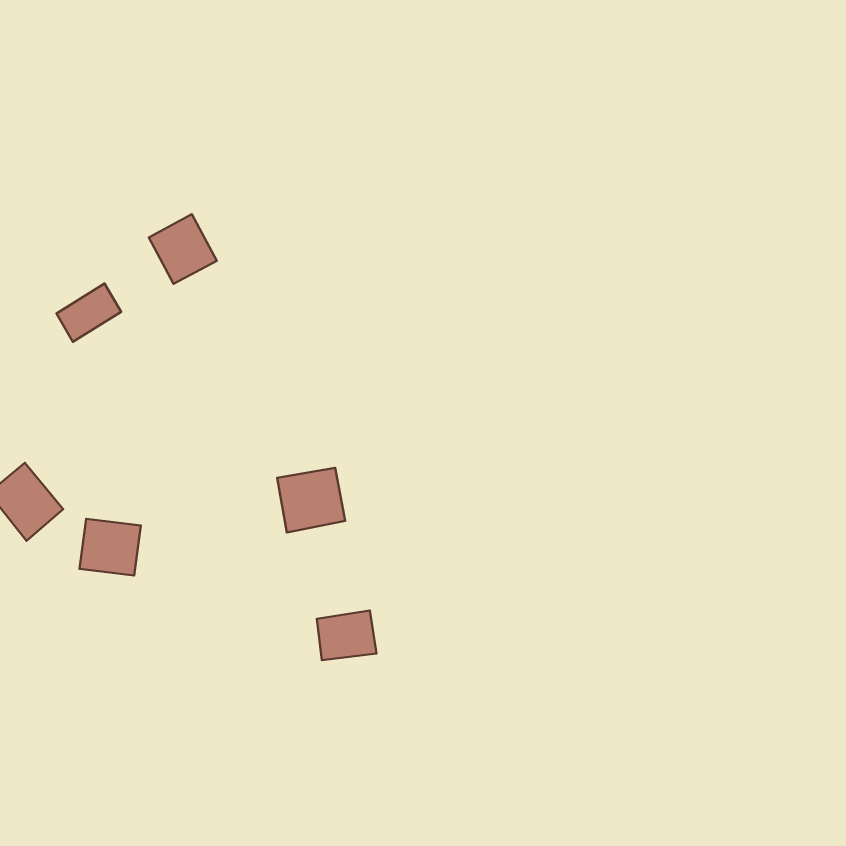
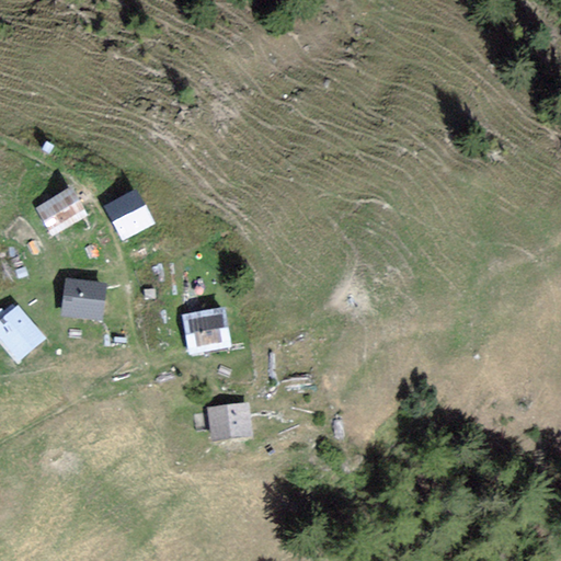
building: [149,214,217,284] -> [105,191,150,237]
building: [80,519,141,575] -> [62,279,103,317]

